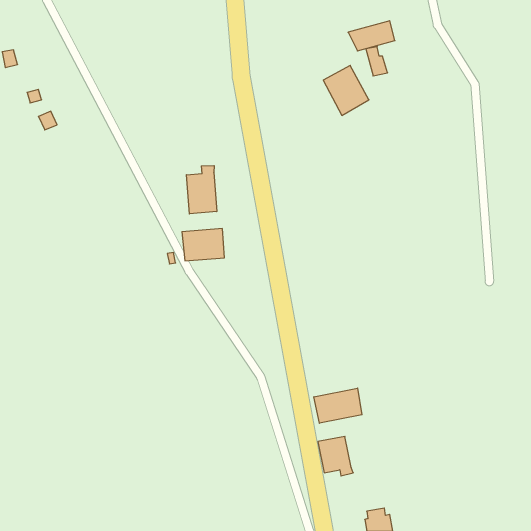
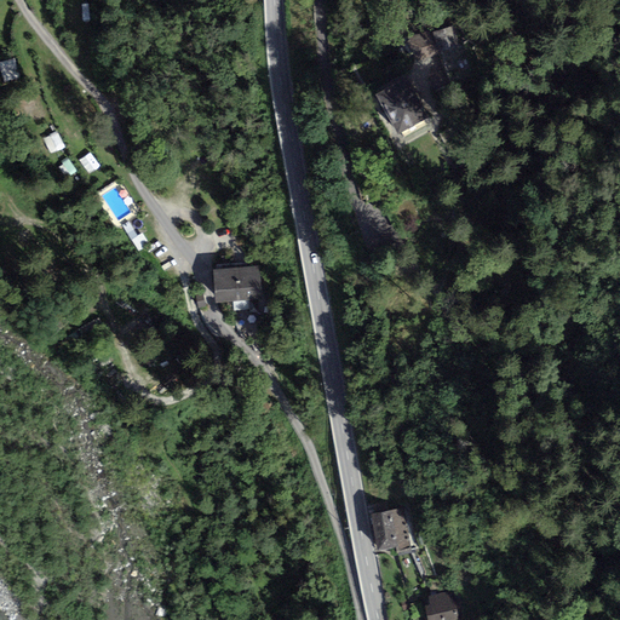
building: [186,166,217,214] -> none
building: [314,388,362,423] -> none

